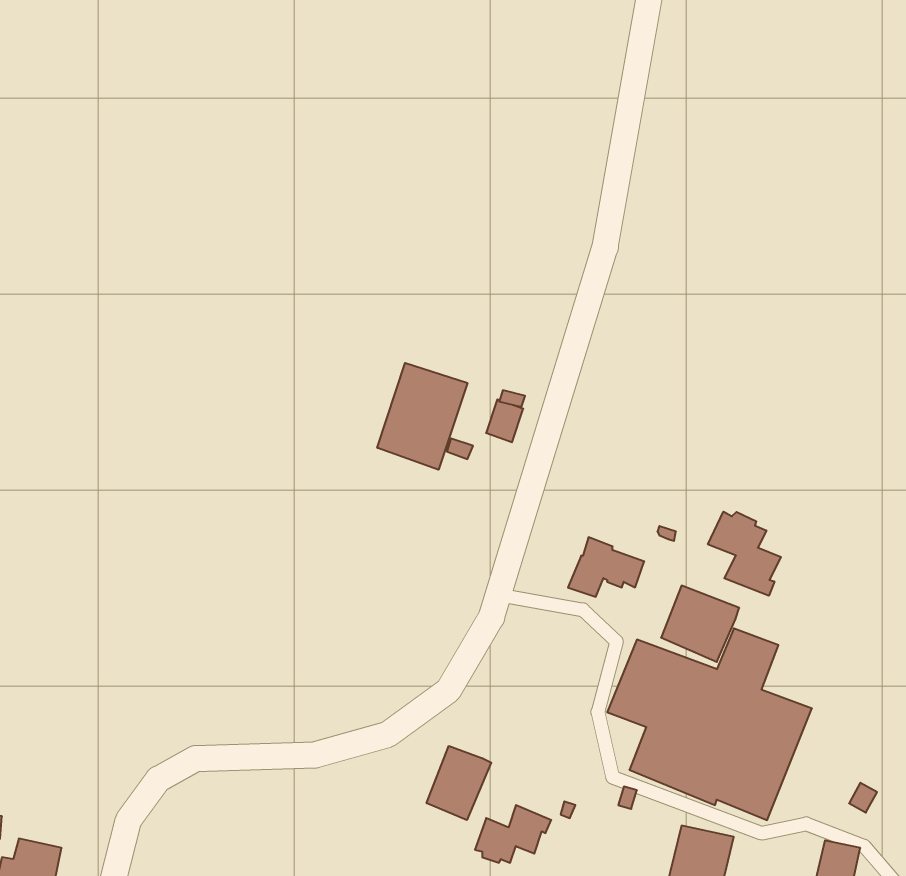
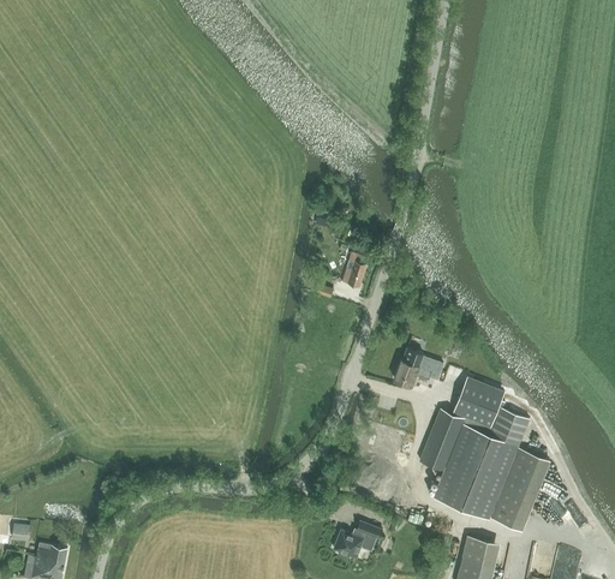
building: [377,363,467,470] -> none
building: [708,512,781,596] -> none
building: [427,746,491,820] -> none

